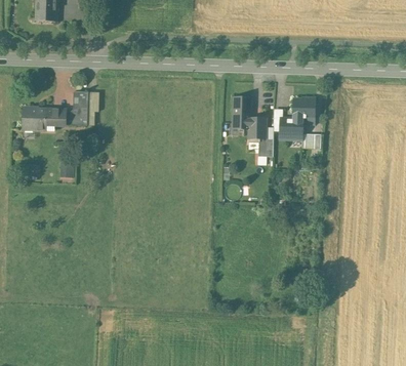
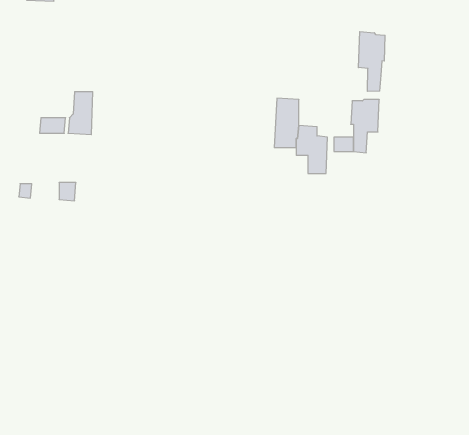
building: none -> [358,32,385,91]
building: [23,107,47,130] -> none

